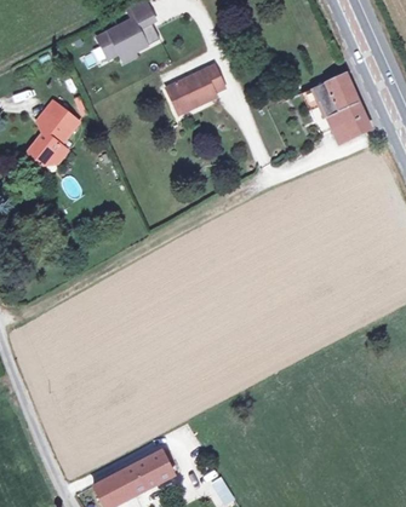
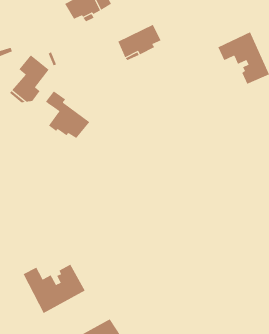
building: none -> [45,91,90,139]
building: none -> [23,264,85,314]

